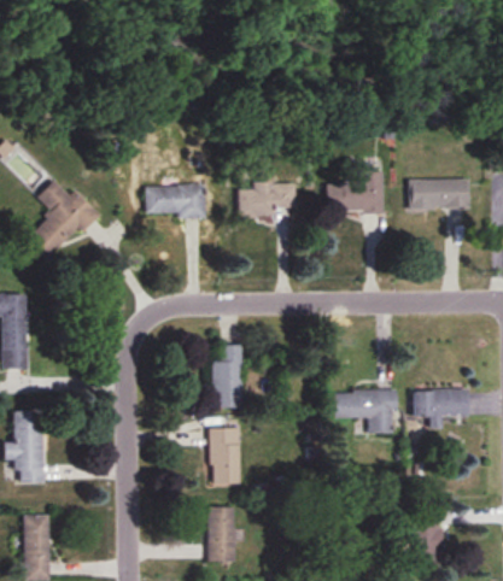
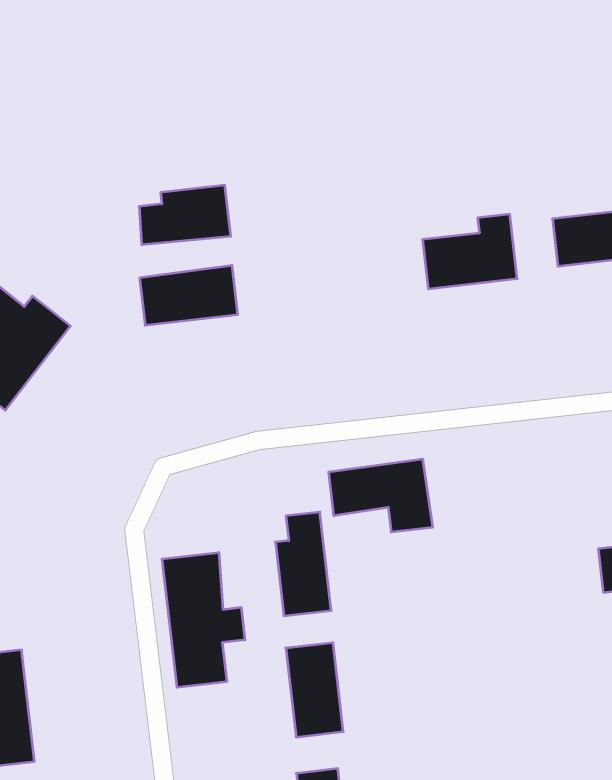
building: [238,183,294,216] -> [139,185,231,245]
building: none -> [162,552,245,687]
building: [334,389,396,433] -> [329,459,433,532]

